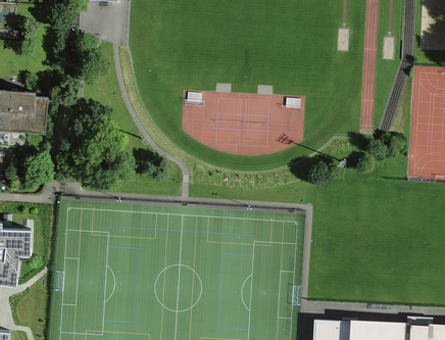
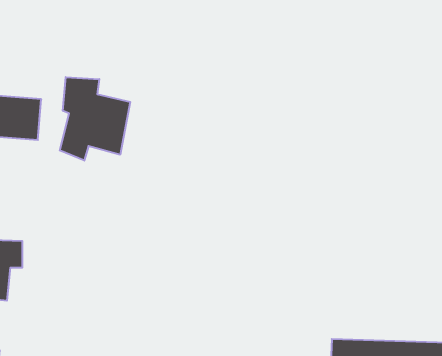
building: none -> [60,77,130,161]

